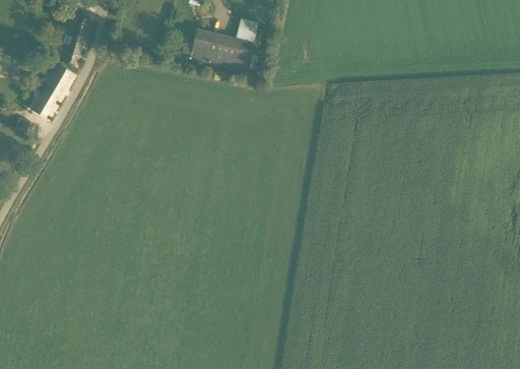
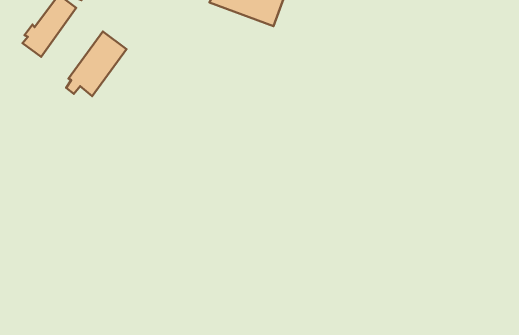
building: none -> [66,31,126,96]

